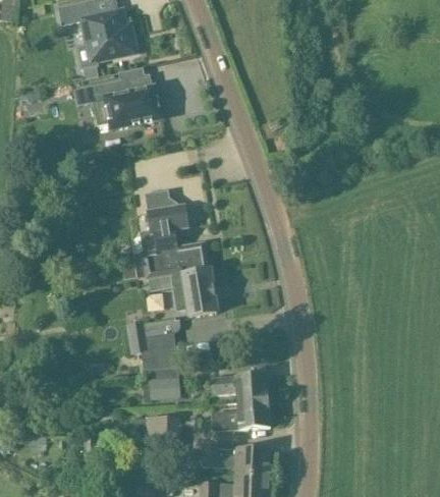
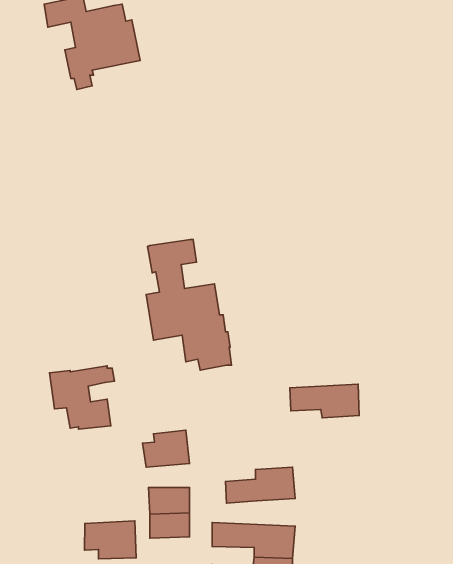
building: [93,72,160,127] -> none
building: [125,316,180,370] -> [50,366,114,429]
building: [209,372,268,400] -> [290,384,359,418]
building: none -> [85,521,136,559]

